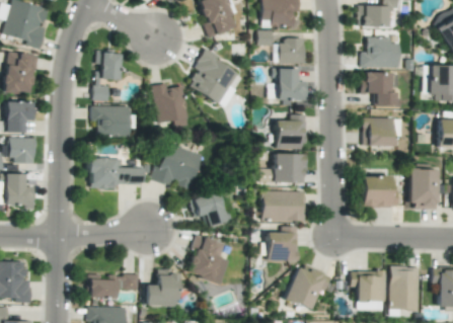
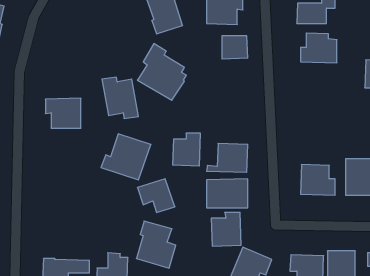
building: [96,50,122,101] -> none
building: [270,68,308,100] -> none
building: [362,72,396,107] -> none
building: [277,114,306,149] -> [173,133,200,166]
building: [363,117,402,146] -> none
building: [90,158,142,188] -> none

